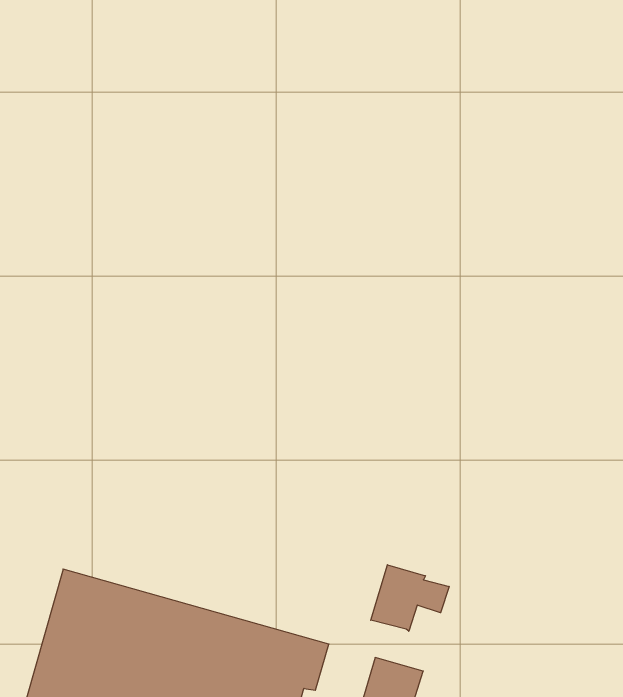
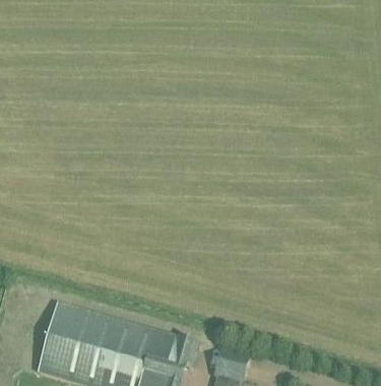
building: [371,565,449,631] -> none

